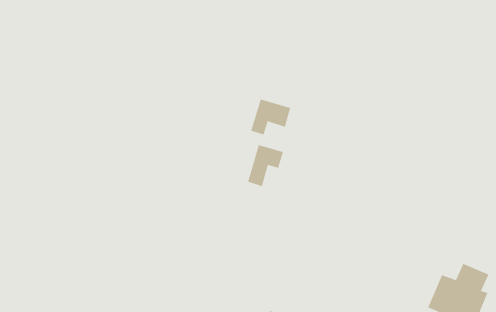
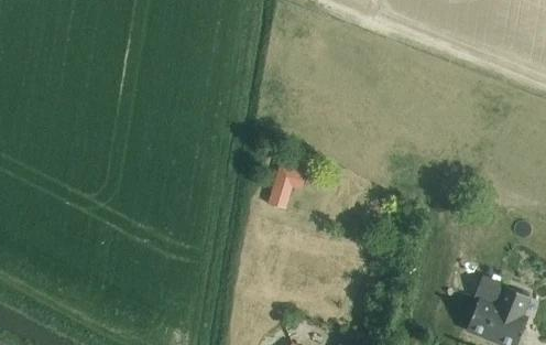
building: [250,98,291,136] -> none

